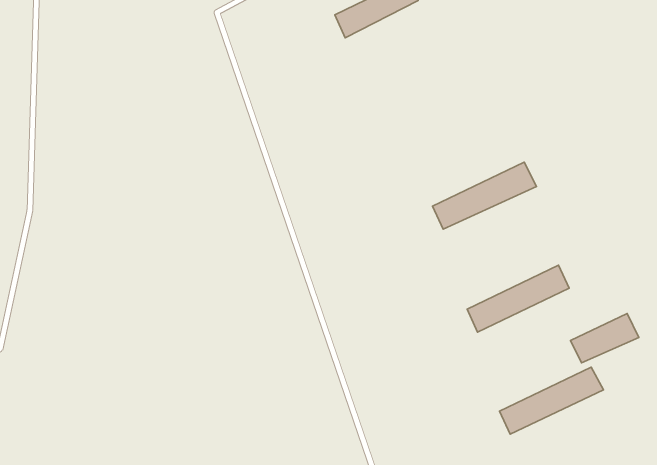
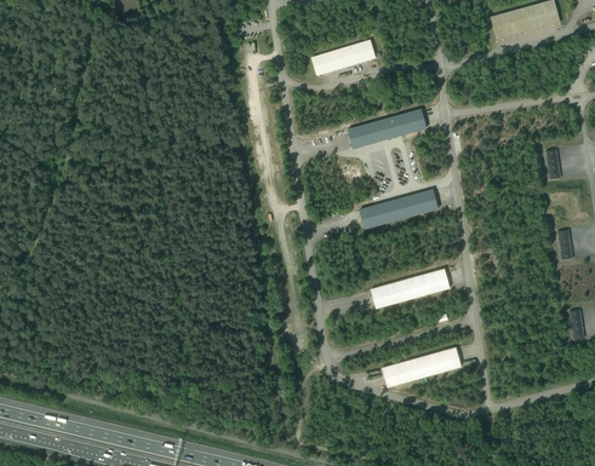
building: none -> [348,109,425,148]
building: [571,313,639,363] -> none

